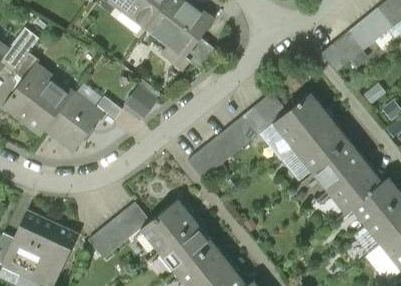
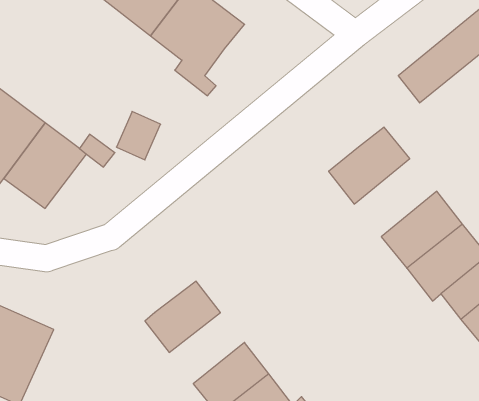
building: [184,37,216,70] -> none
building: [187,89,292,180] -> none
building: [289,114,347,169] -> none
building: [87,203,149,260] -> none
building: [159,222,212,272] -> none

